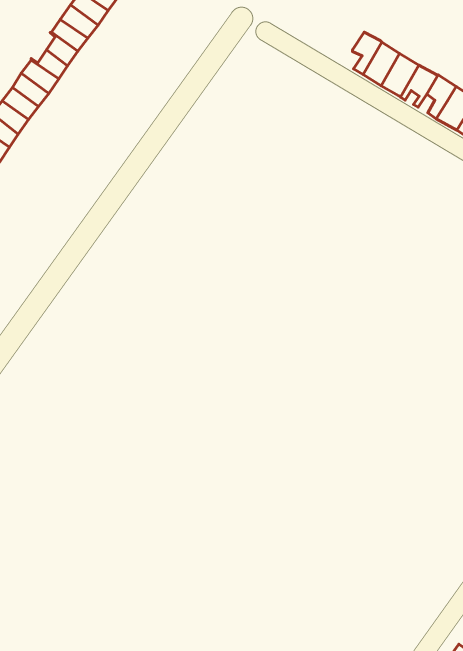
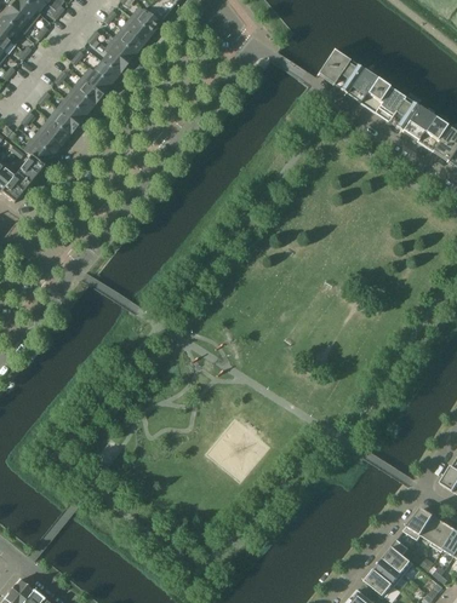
building: none -> [316,48,349,84]

